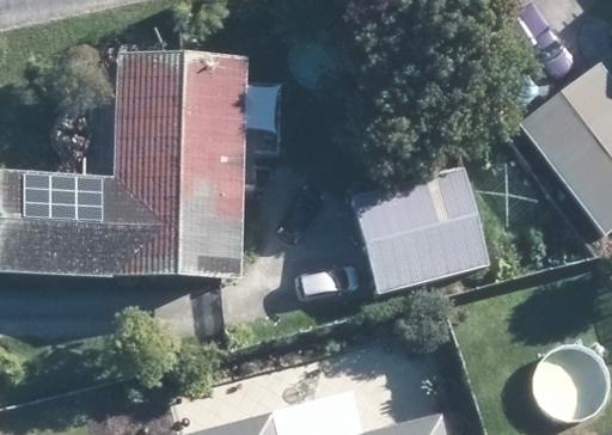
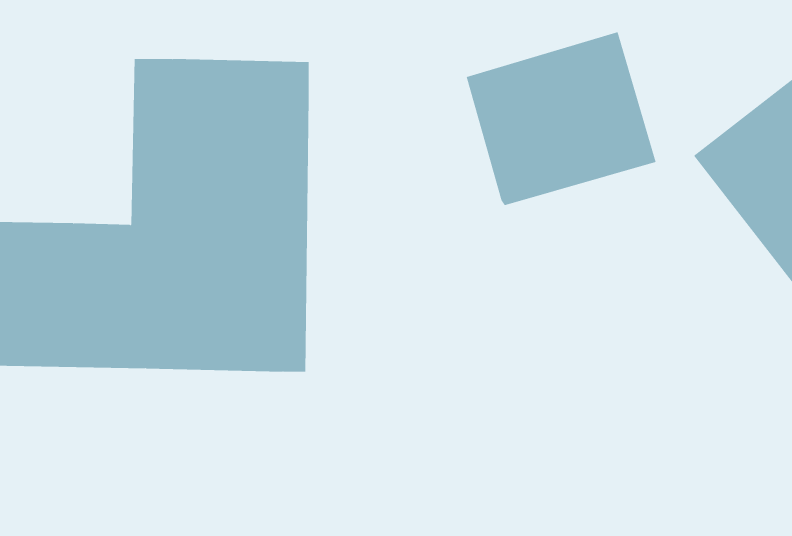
building: [354,167,490,292] -> [466,32,657,206]

